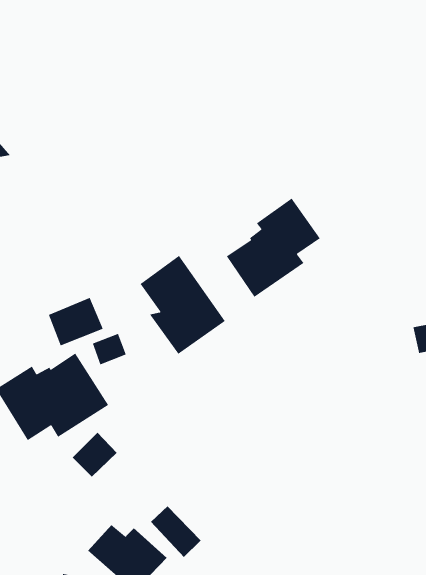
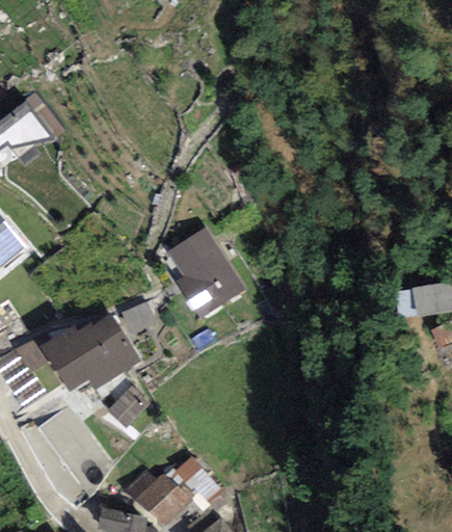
building: [226,198,321,298] -> none
building: [48,297,104,346] -> none

